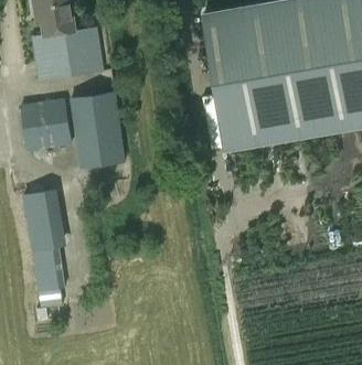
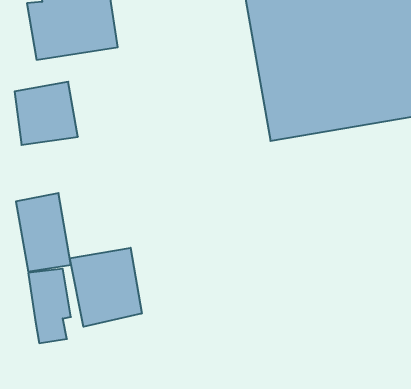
building: [68,92,125,169] -> none
building: none -> [70,248,142,327]

